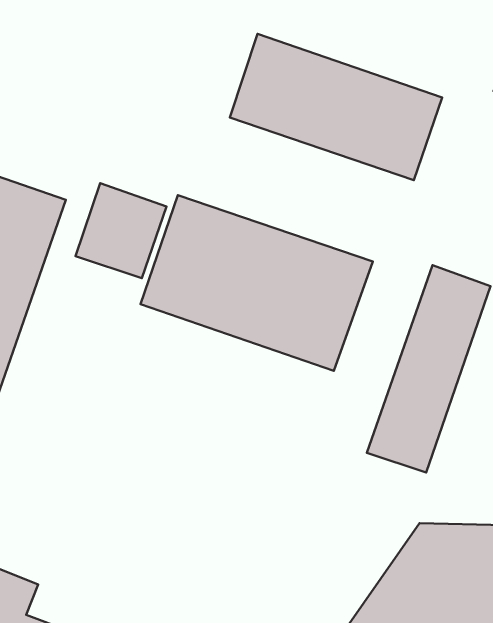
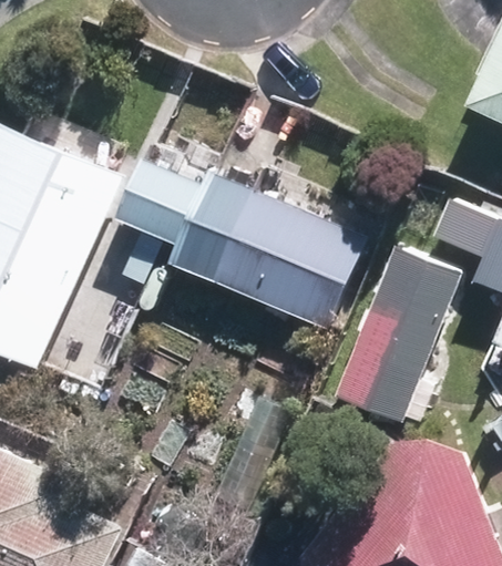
building: [230,34,442,180] -> none

